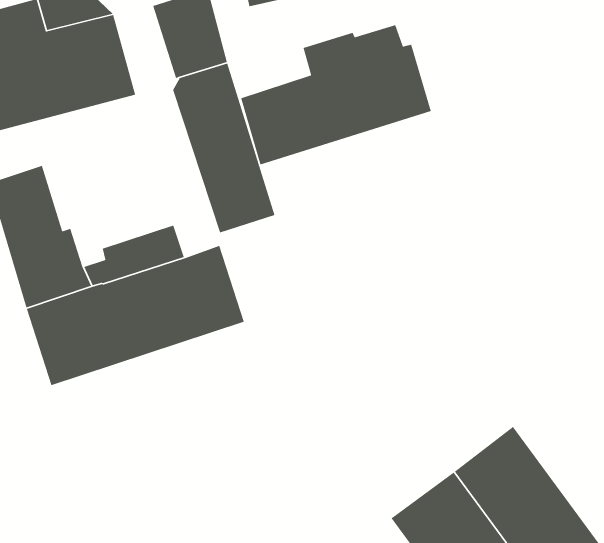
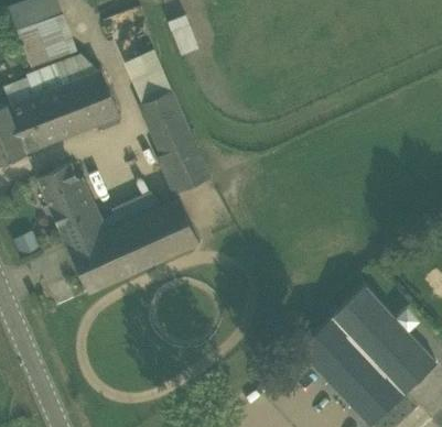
building: [240,24,432,165] -> none

